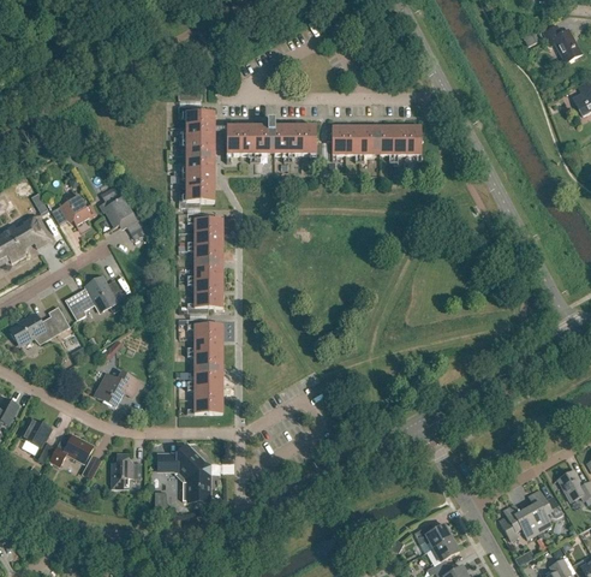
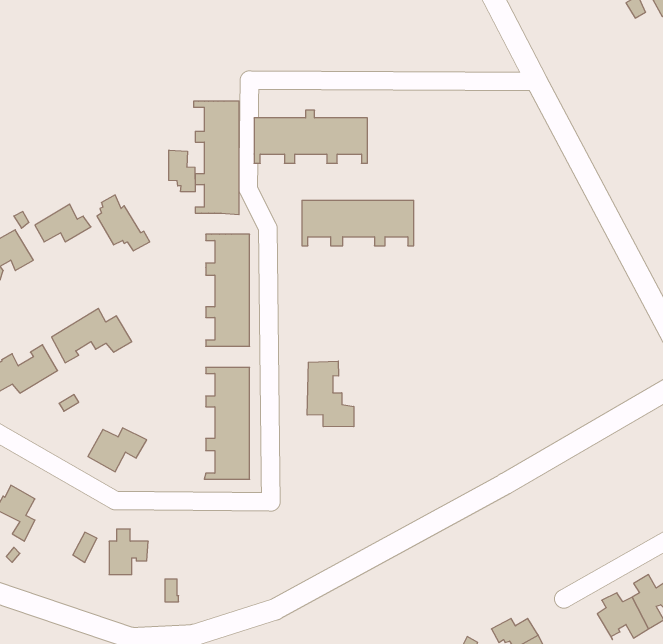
building: [332,125,420,161] -> [302,200,414,246]
building: none -> [169,150,195,192]
building: none -> [307,361,354,427]
building: [49,433,94,465] -> none
building: [159,446,210,500] -> none

